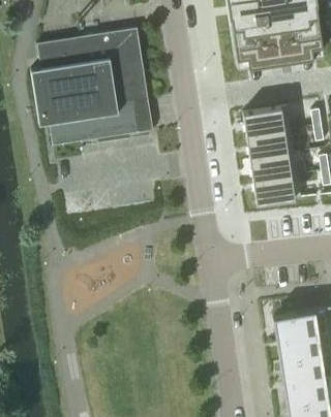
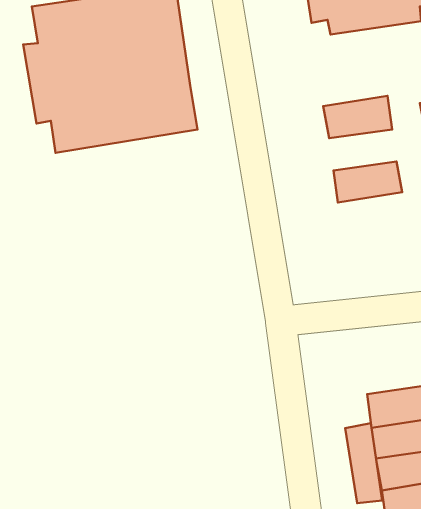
building: [247,130,295,159] -> none
building: [253,174,302,204] -> none
building: none -> [345,423,382,503]

